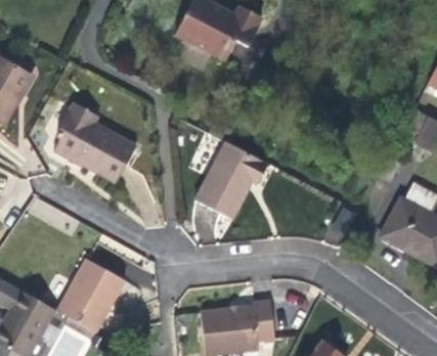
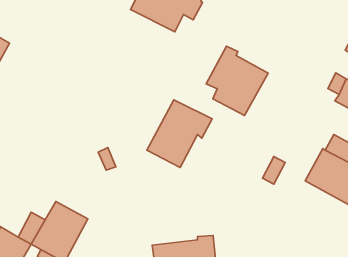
building: none -> [206,46,268,115]
building: [53,102,137,183] -> none

